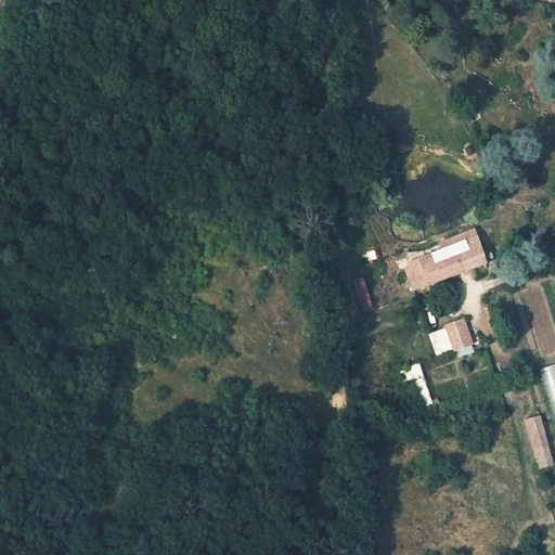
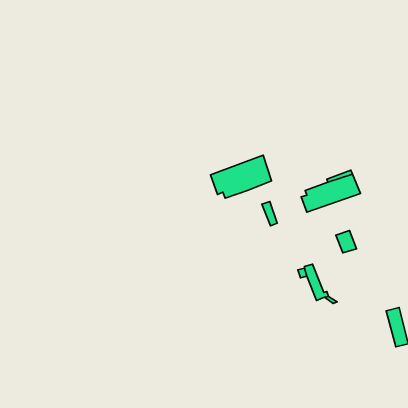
building: none -> [211,155,271,198]
building: [438,321,463,351] -> none

